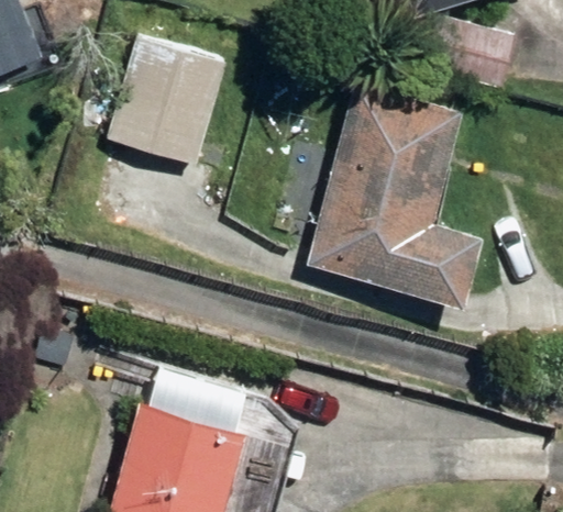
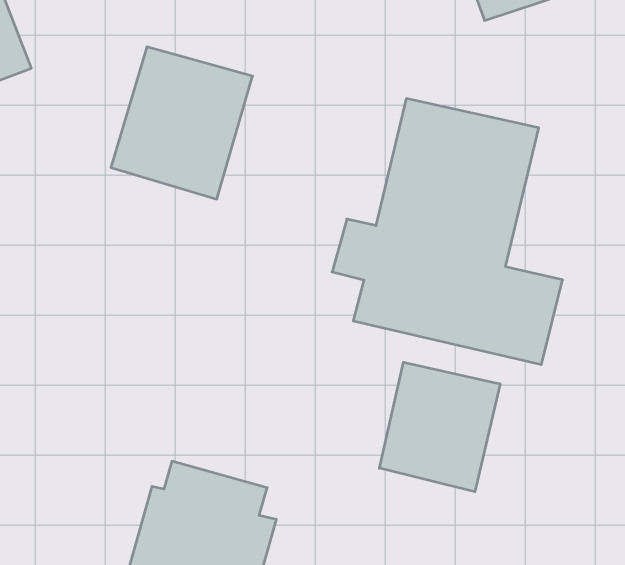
building: none -> [379,362,500,492]

